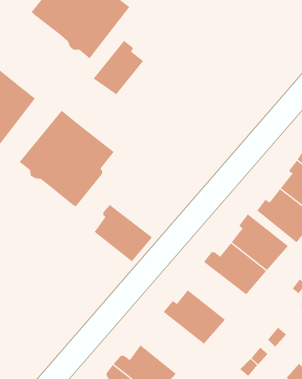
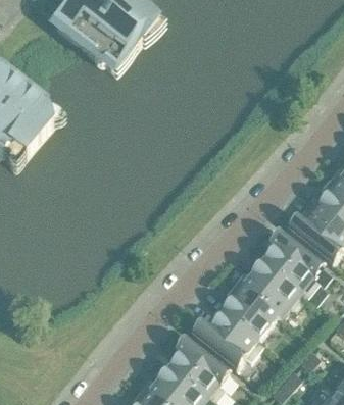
building: [93,40,144,95] -> none
building: [19,110,114,207] -> none
building: [94,204,153,262] -> [217,280,279,340]
building: none -> [168,336,229,396]

